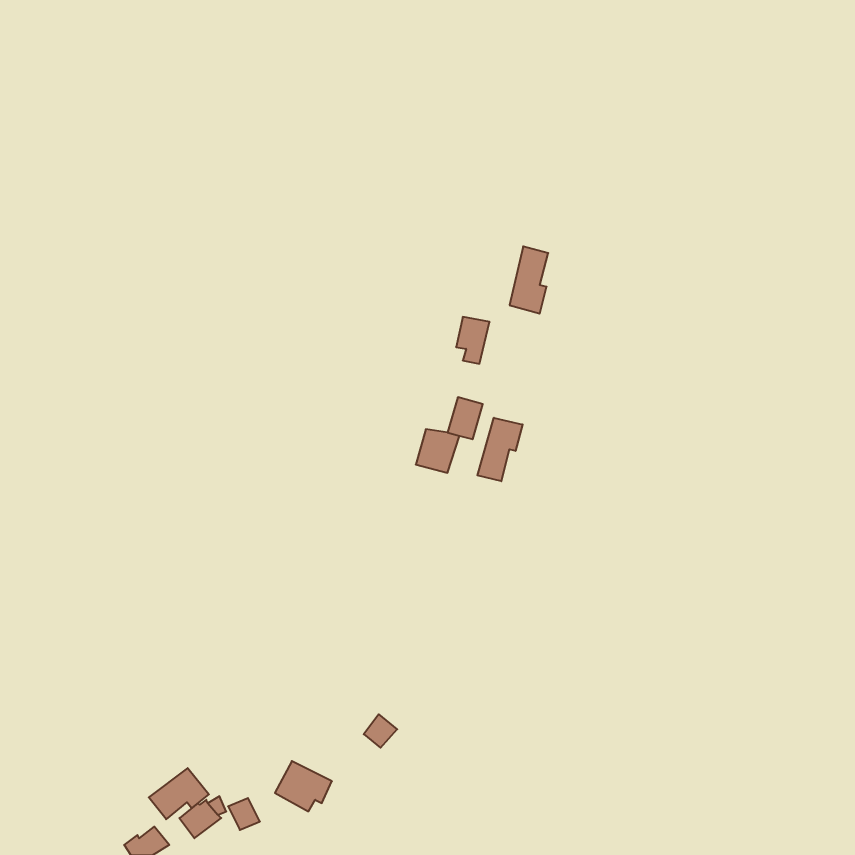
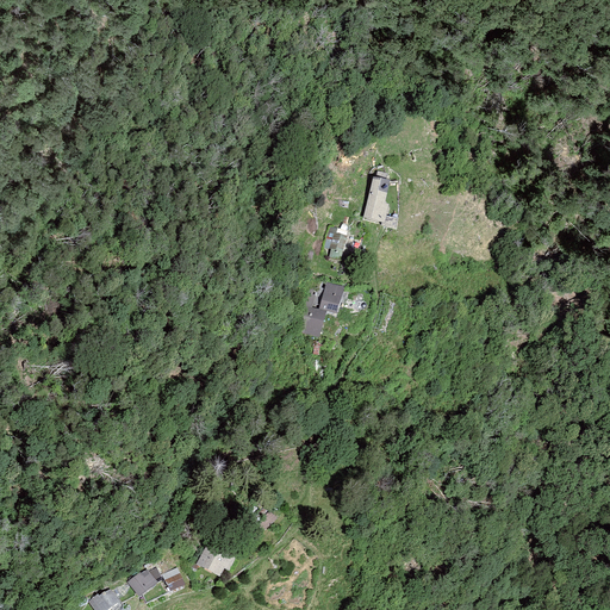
building: [477,418,523,481] -> none
building: [149,768,209,819] -> none

